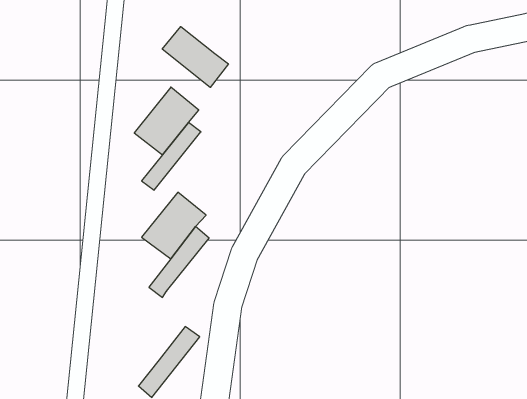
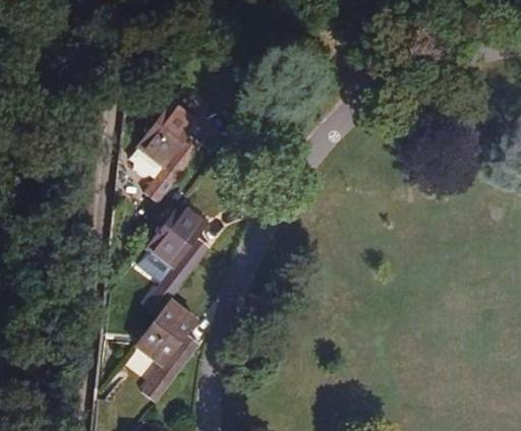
building: [162,27,228,87] -> none
building: none -> [132,300,195,367]

